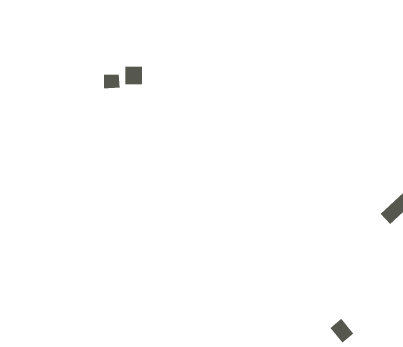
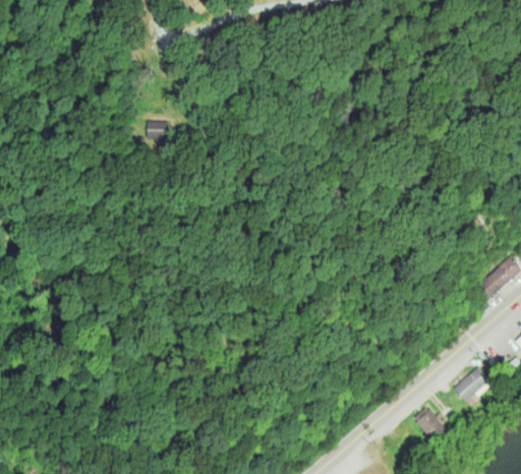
building: [125,66,142,85] -> none
building: none -> [455,365,494,408]

